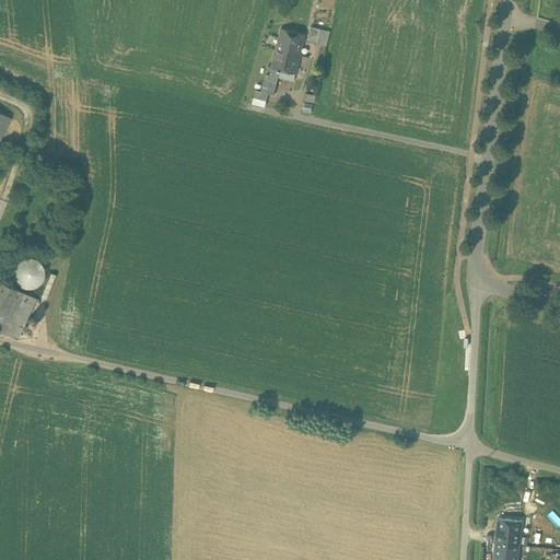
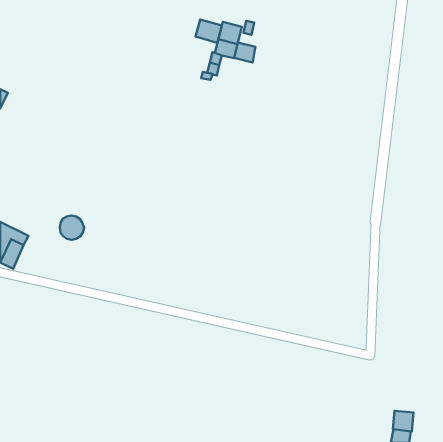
building: none -> [195,19,222,43]
building: none -> [234,43,255,63]
building: [14,259,45,290] -> [60,215,84,240]

